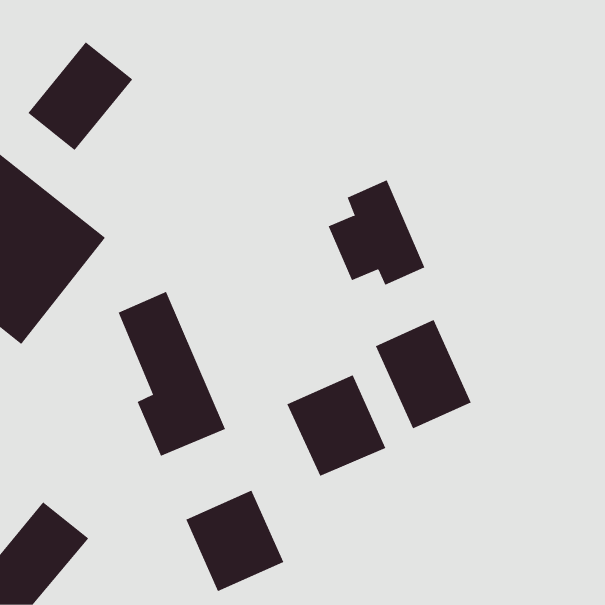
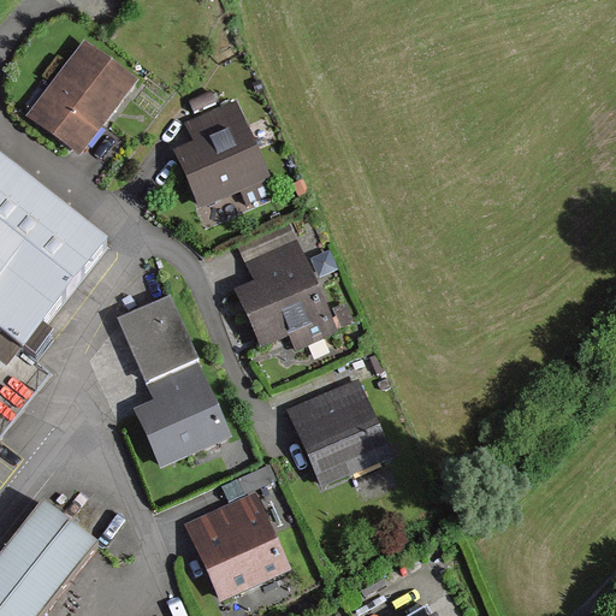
building: none -> [174,99,268,206]
building: [328,180,425,285] -> [235,239,333,346]
building: [375,319,471,429] -> none

